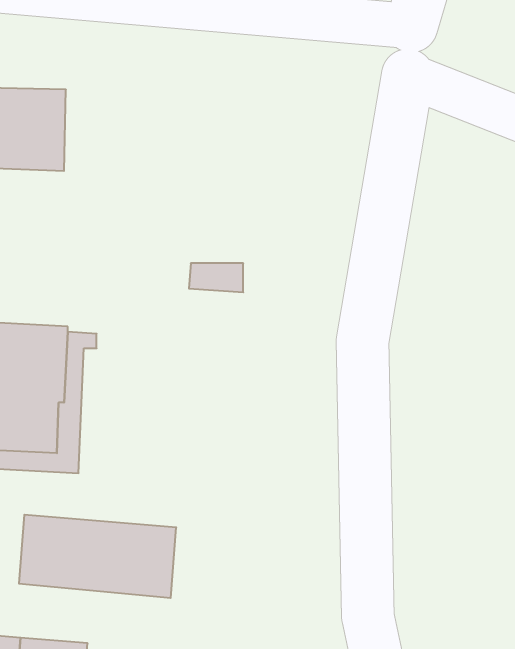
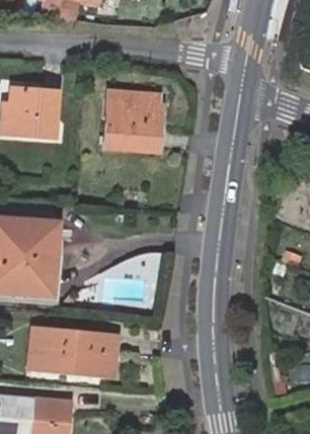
building: none -> [101,93,156,148]

